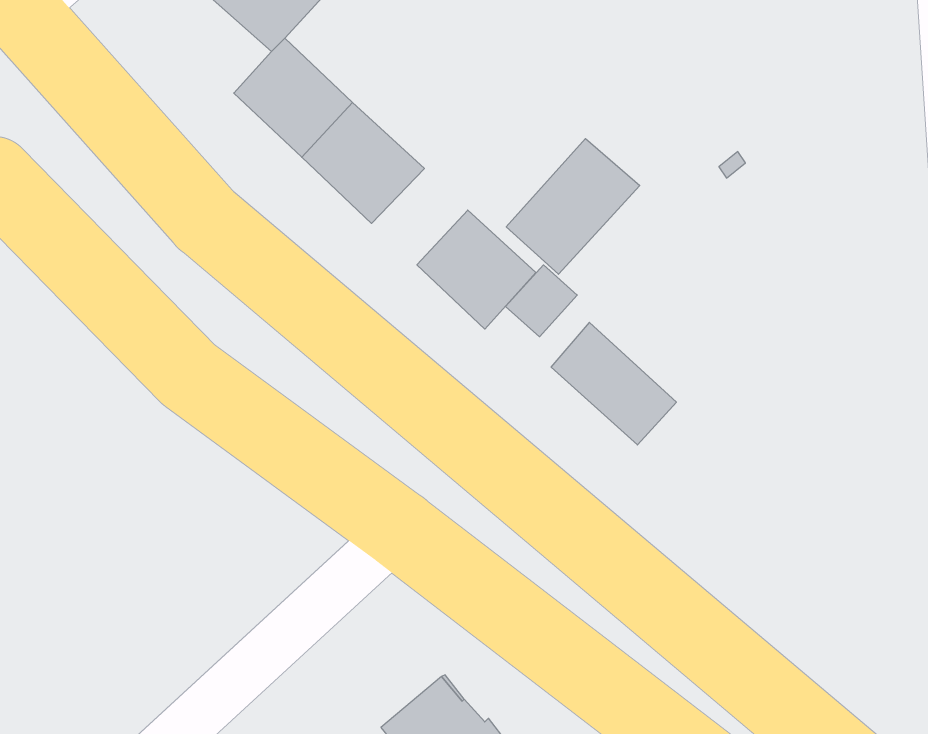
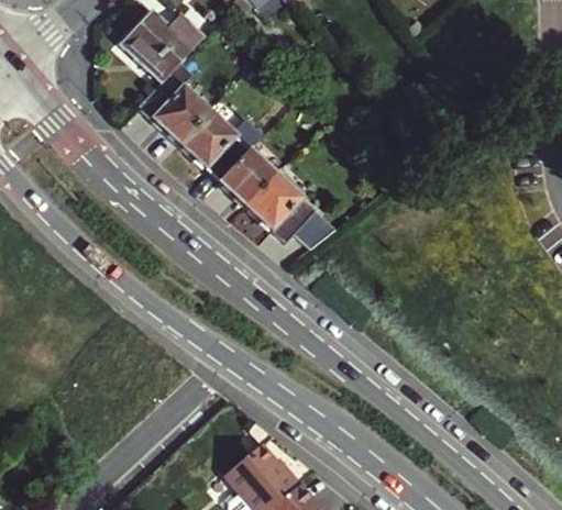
building: [506,139,640,274] -> none
building: none -> [220,149,276,206]
building: [551,322,676,445] -> none

